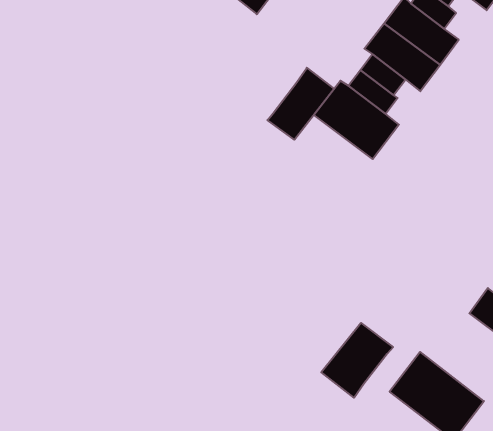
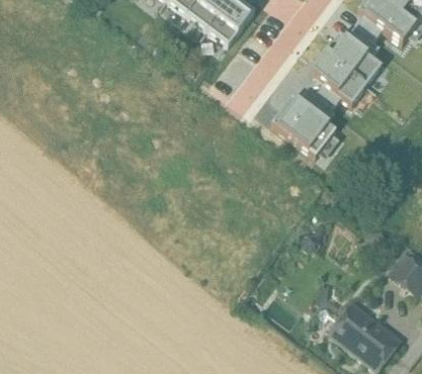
building: [267,68,334,140] -> none
building: [321,323,393,398] -> none

